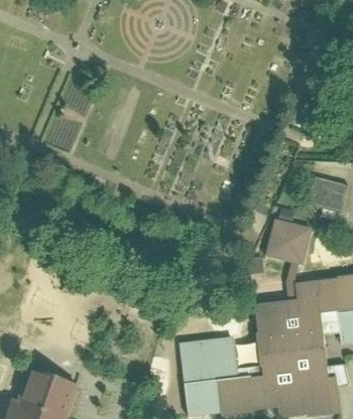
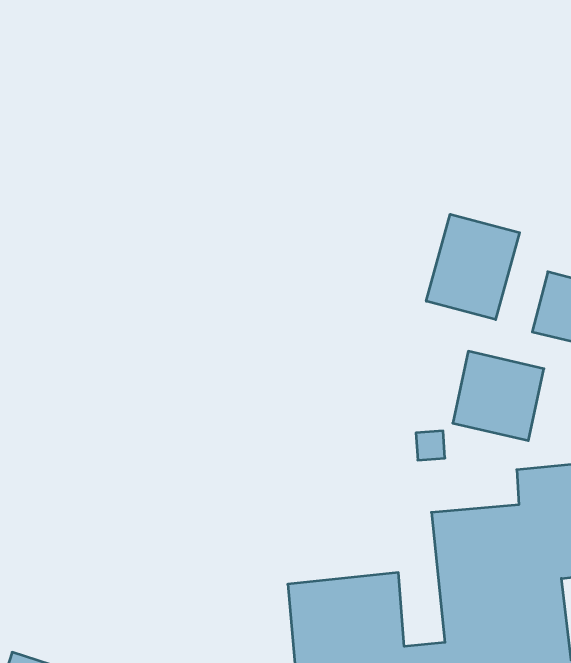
building: none -> [426,214,520,320]

